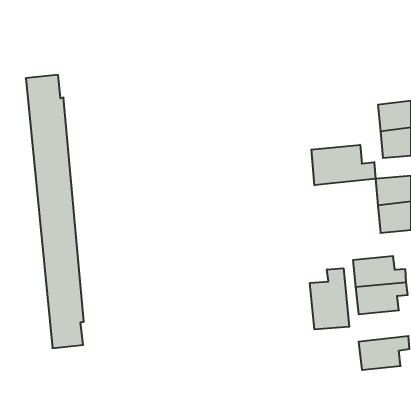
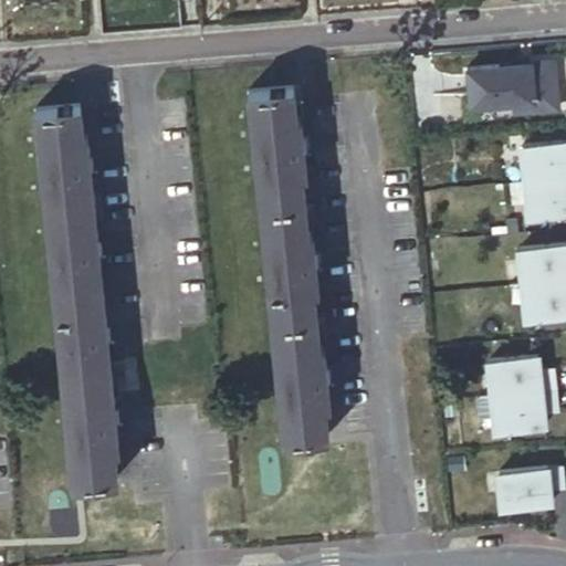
building: none -> [465,67,557,117]
building: none -> [250,91,329,441]
building: [311,145,376,185] -> none
building: [310,268,349,329] -> none

